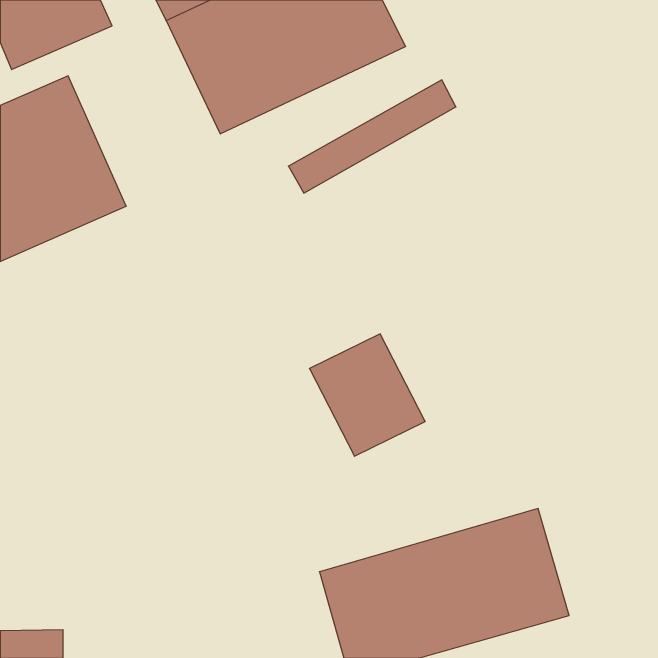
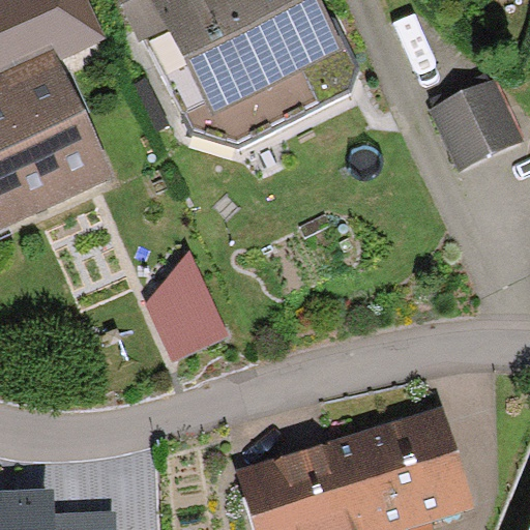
building: none -> [432,83,521,170]
building: [309,334,425,456] -> [145,275,238,374]

